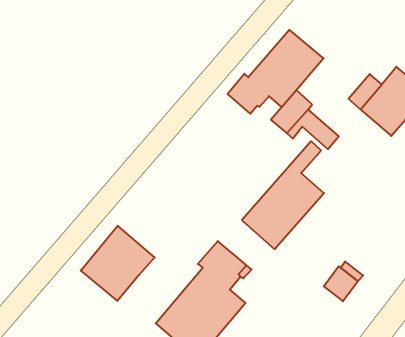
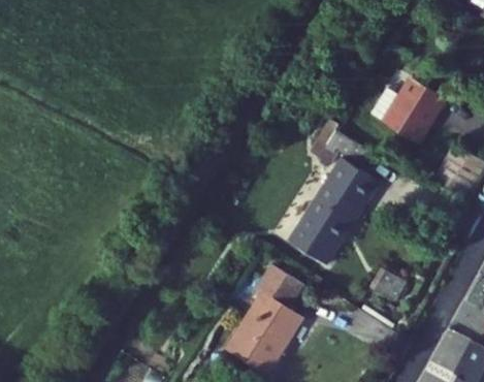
building: [228,30,324,114] -> none
building: none -> [338,164,378,203]
building: [81,226,155,301] -> none

